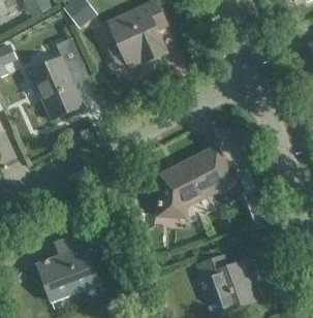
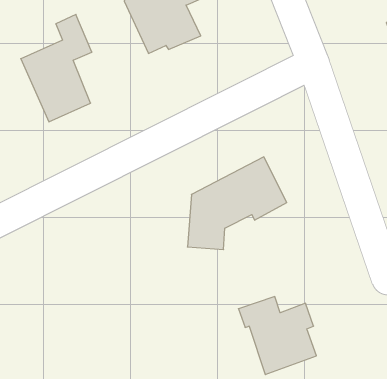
building: [37,229,99,299] -> none

